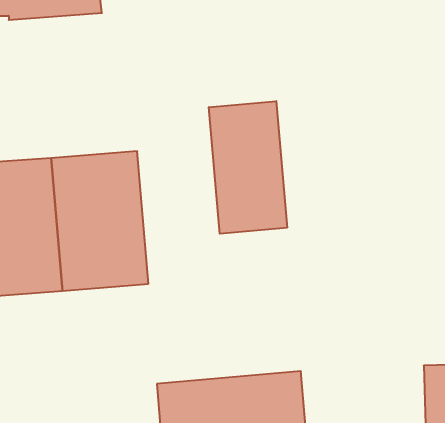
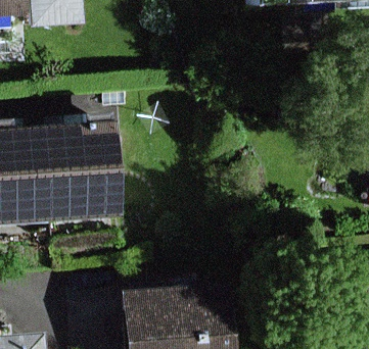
building: [209,101,287,234] -> none

